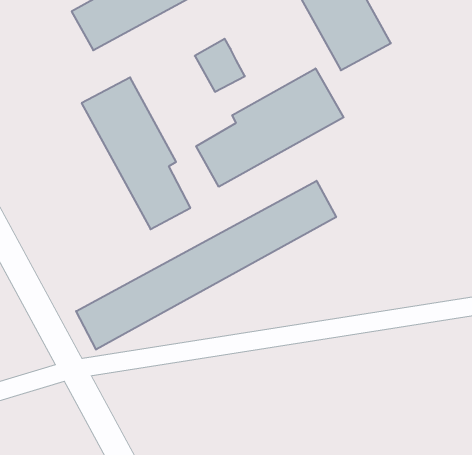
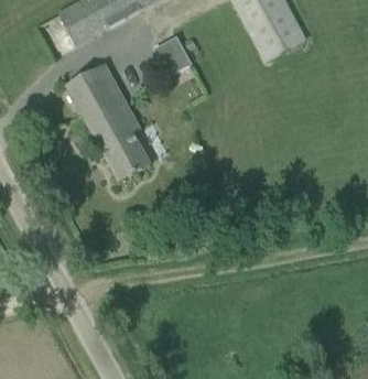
building: [196,68,344,187] -> none
building: [76,181,336,350] -> none

